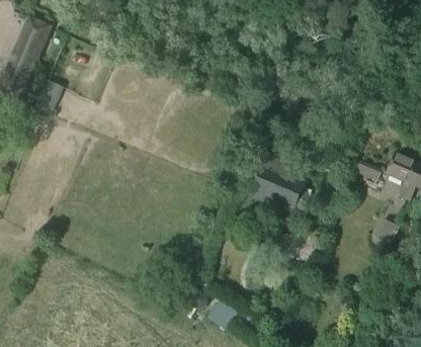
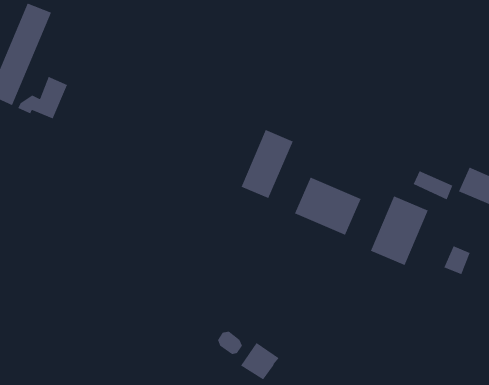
building: none -> [241,129,293,199]
building: none -> [370,196,429,266]

